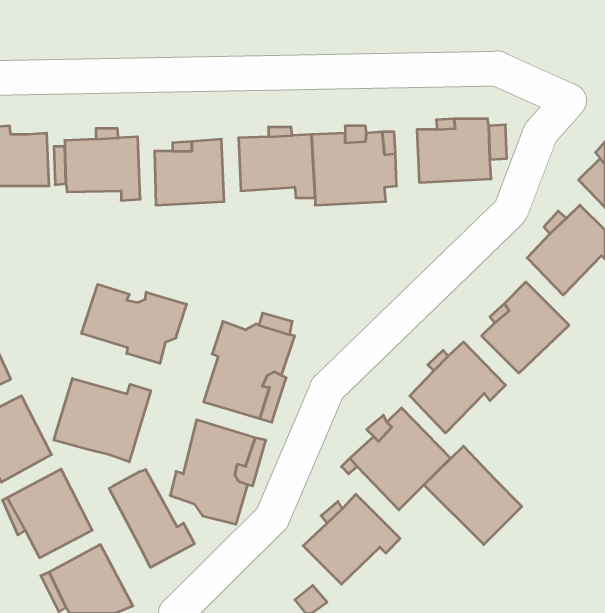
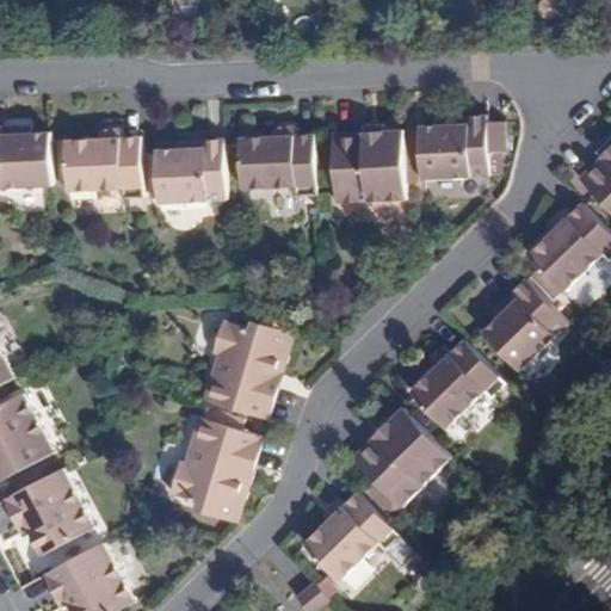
building: [82,284,187,363] -> none
building: [54,378,151,462] -> none
building: [424,446,522,545] -> none
building: [109,469,194,567] -> none

